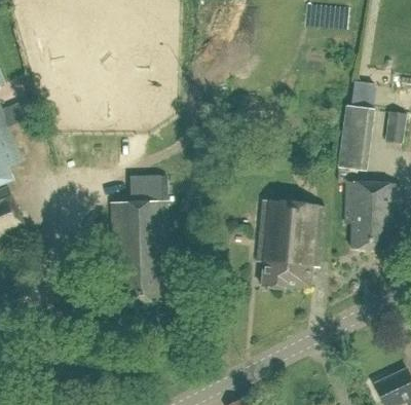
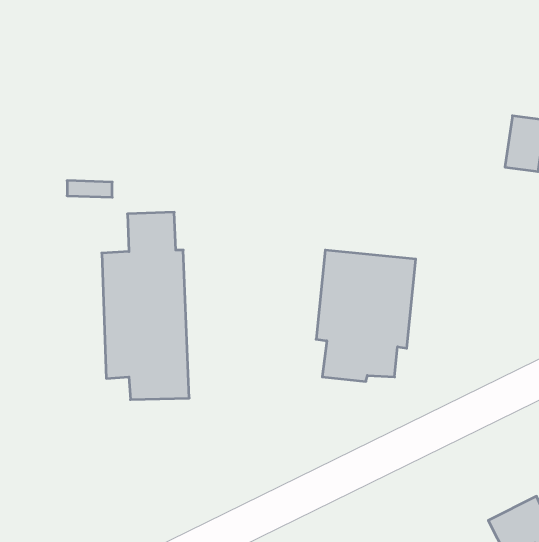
building: [337,80,377,170] -> none
building: [344,181,399,249] -> none

